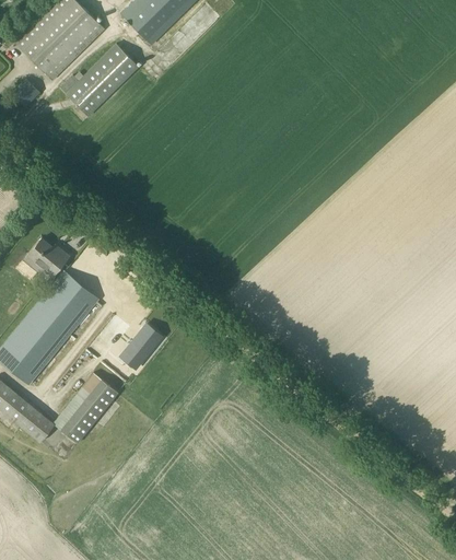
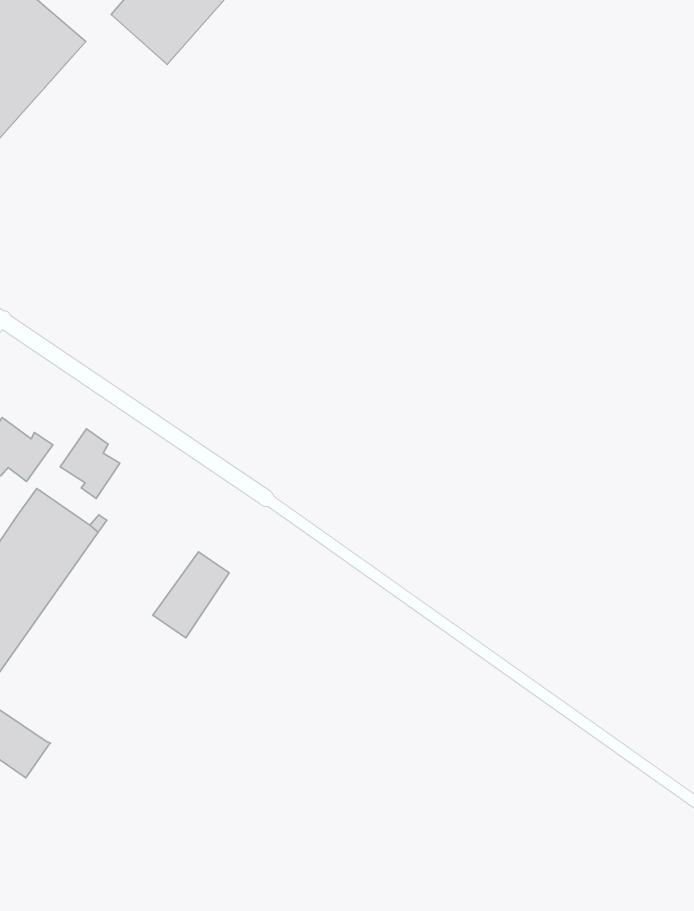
building: [61,43,140,116] -> none
building: none -> [60,429,120,499]
building: [54,372,119,443] -> none

